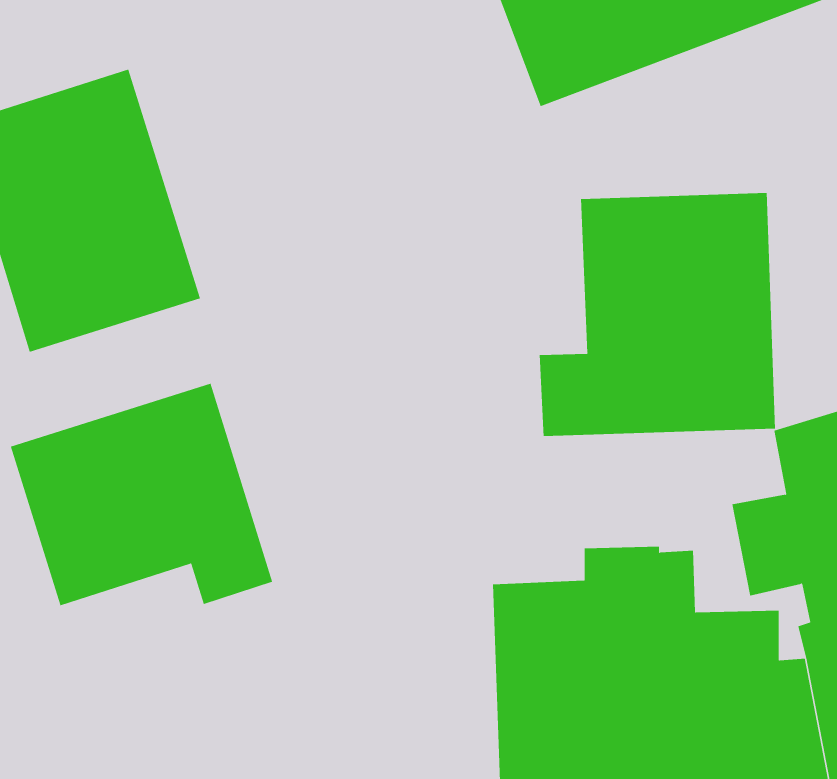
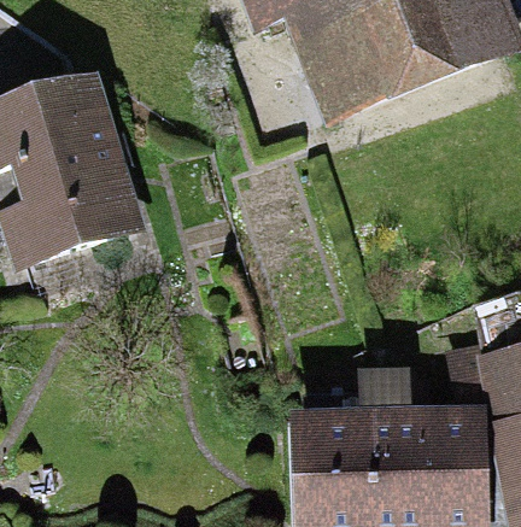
building: [539,192,776,437] -> none
building: [10,383,273,606] -> none

